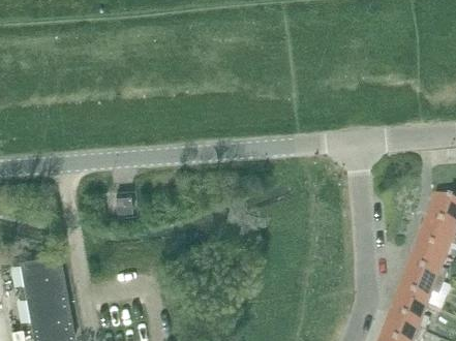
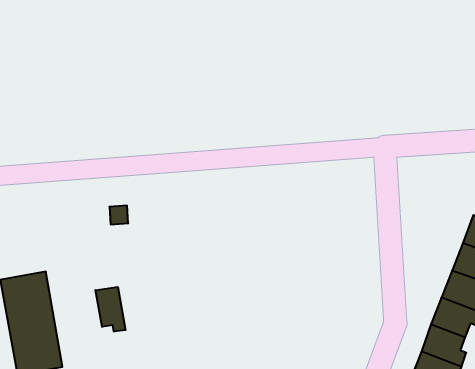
building: none -> [95,287,126,332]

